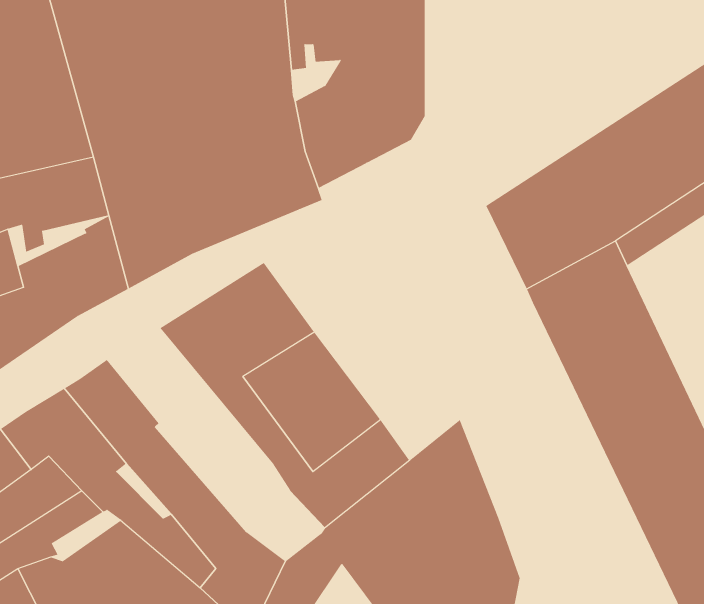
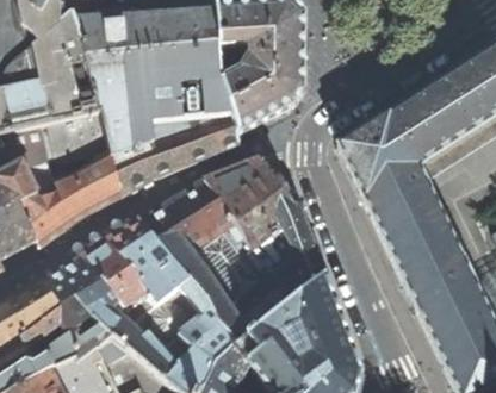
building: none -> [206,155,327,298]
building: none -> [110,217,243,360]

